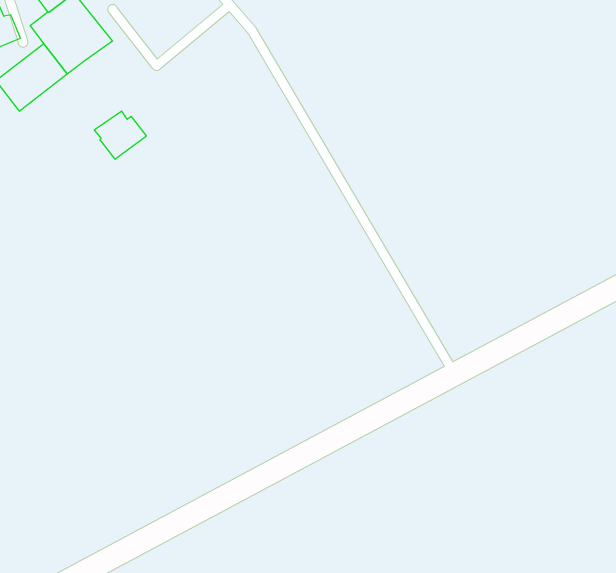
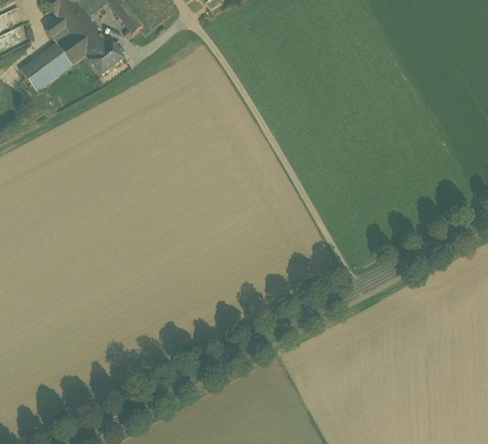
building: [94,111,146,159] -> [85,39,123,75]

